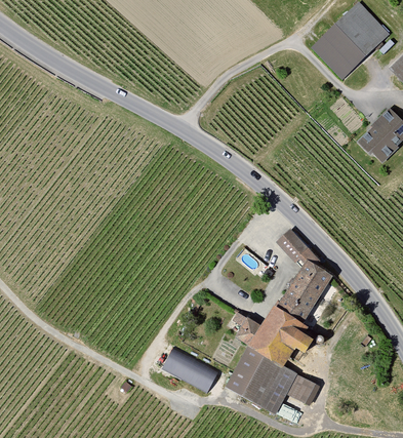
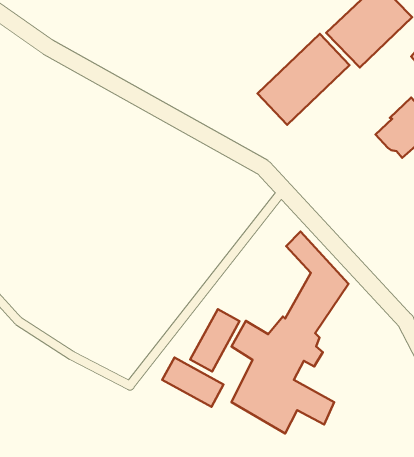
building: none -> [257,34,350,125]
building: none -> [190,309,240,371]

